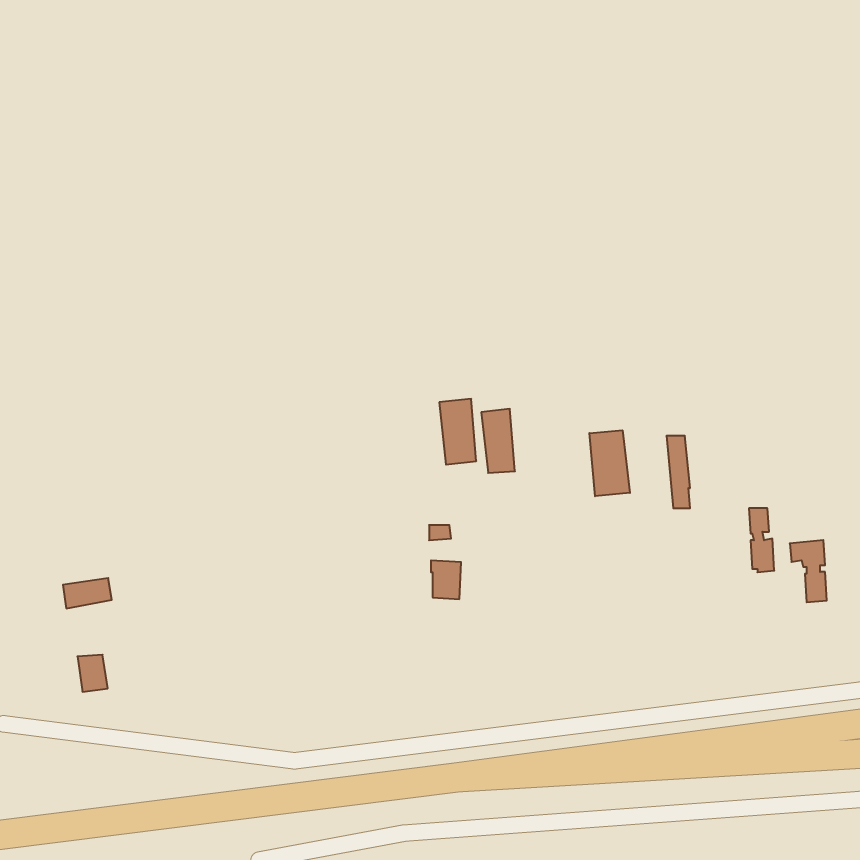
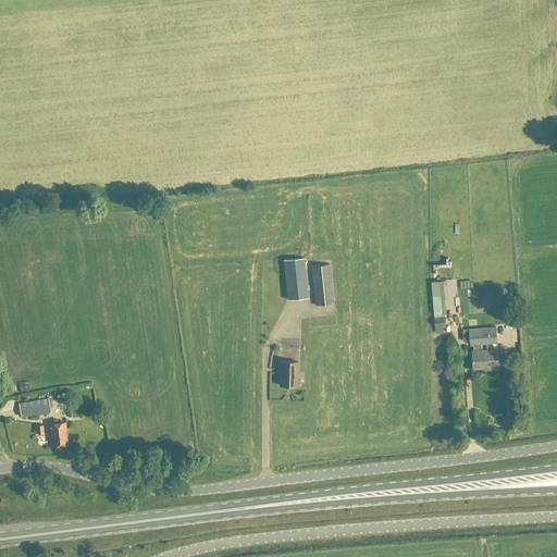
building: [589,430,630,496] -> none
building: [790,540,827,602] -> [462,329,486,369]
building: [63,578,112,608] -> [18,399,50,419]

